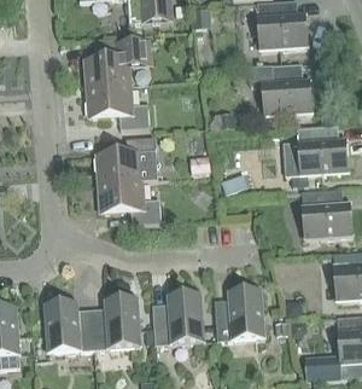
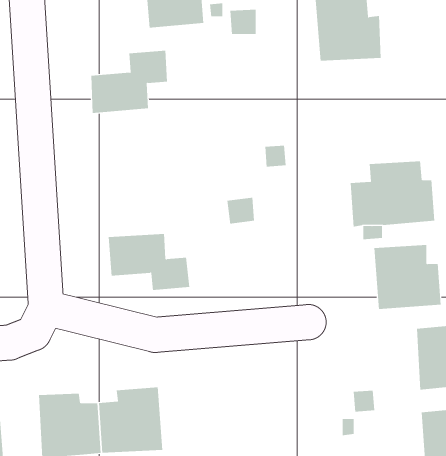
building: [249,63,311,115] -> none
building: [86,85,148,128] -> none
building: [95,135,156,182] -> none
building: [214,289,263,339] -> none
building: [151,292,203,344] -> none

